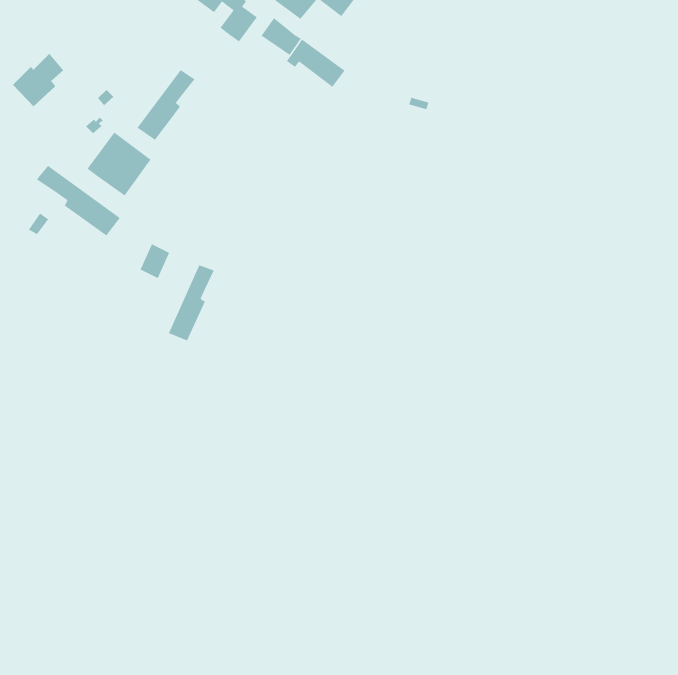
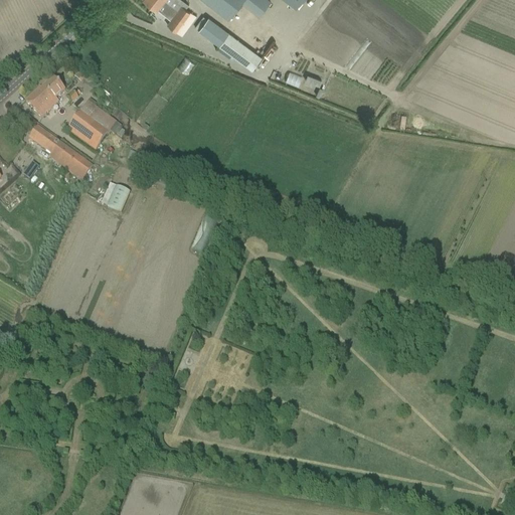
building: [12,53,64,107] -> [24,75,63,117]
building: [136,69,195,141] -> none
building: [168,264,215,342] -> none

